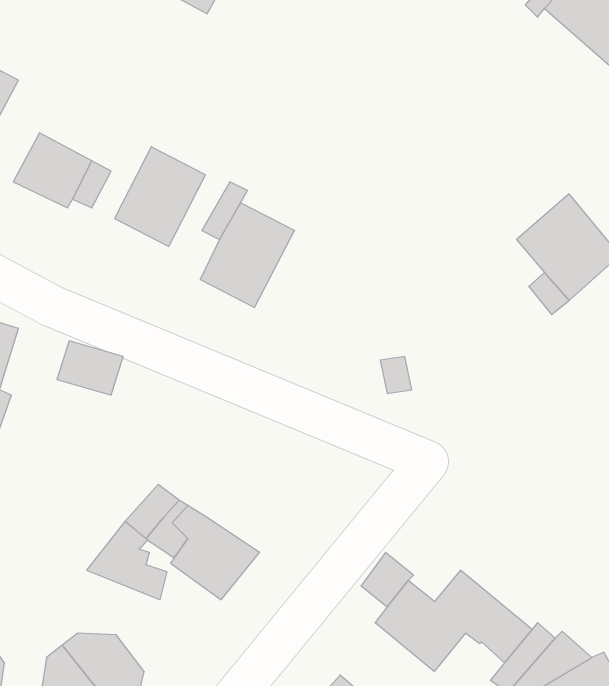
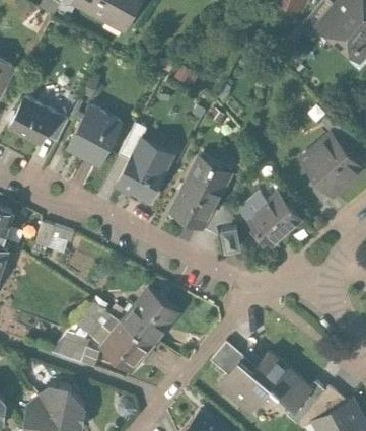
building: none -> [173,158,228,226]
building: none -> [248,192,301,243]
building: none -> [123,288,177,342]

